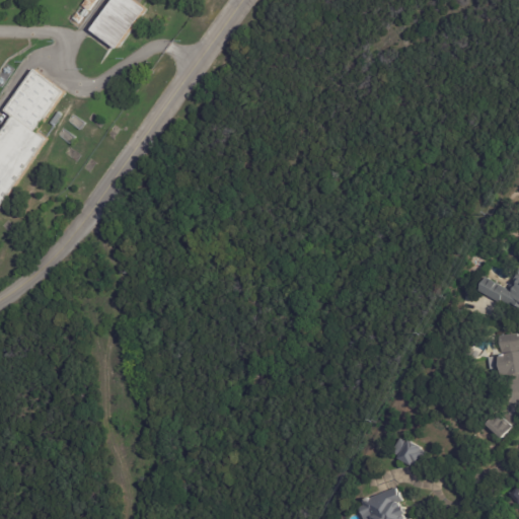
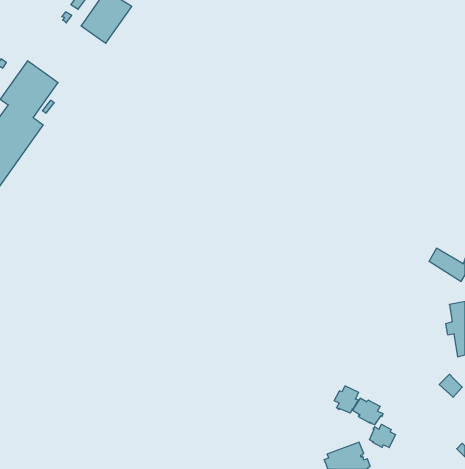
building: none -> [334,386,358,413]
building: none -> [370,424,396,448]

